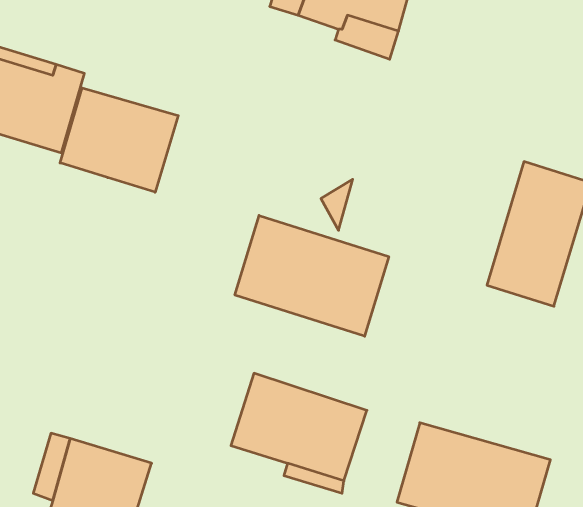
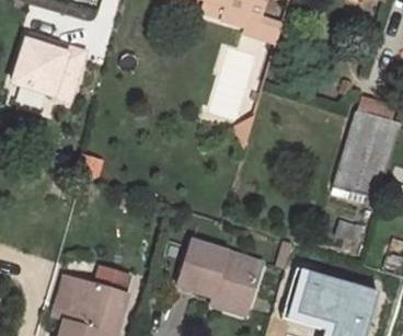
building: [60,88,178,192] -> none
building: [235,215,389,336] -> none

